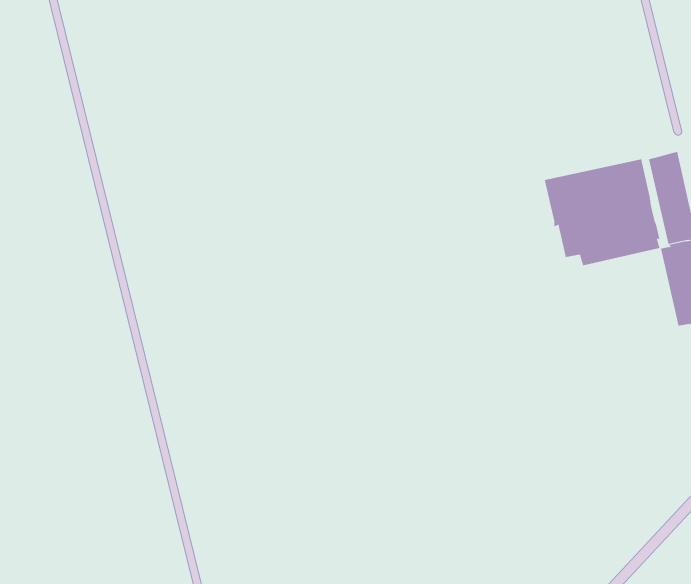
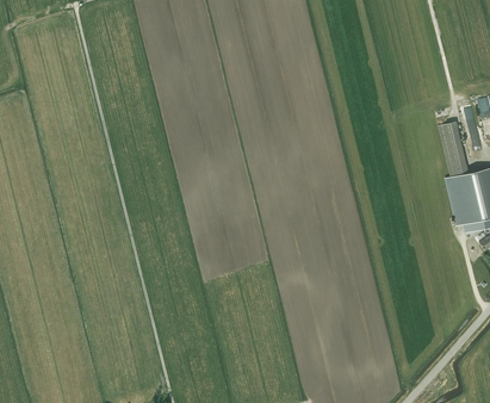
building: [544,158,660,266] -> none

